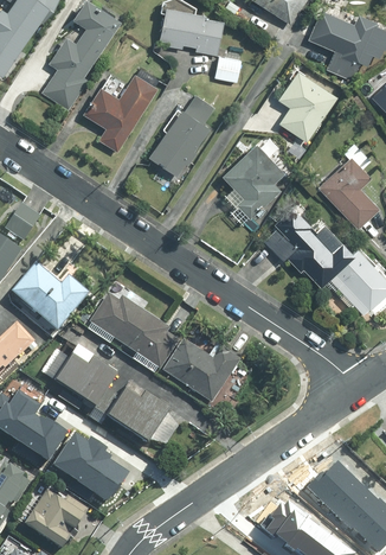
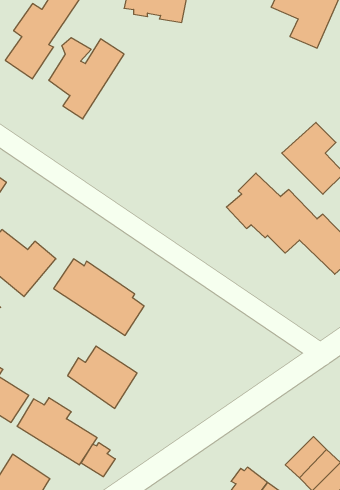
building: [213,56,240,82] -> none
building: [277,69,339,141] -> none
building: [148,94,214,177] -> none
building: [223,142,285,218] -> none
building: [161,339,242,404] -> none
building: [54,346,118,410] -> none
building: [308,459,349,500] -> none
building: none -> [81,443,115,477]

